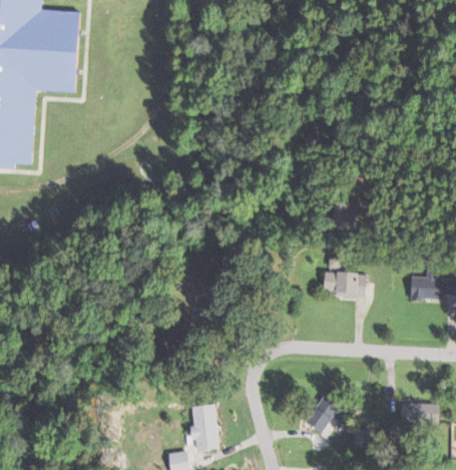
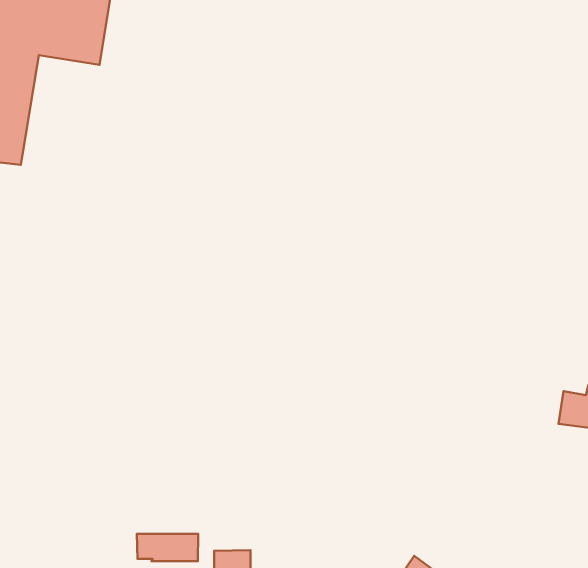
building: [324,258,365,295] -> none
building: none -> [137,534,198,561]

